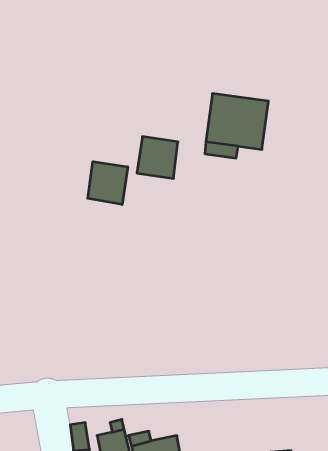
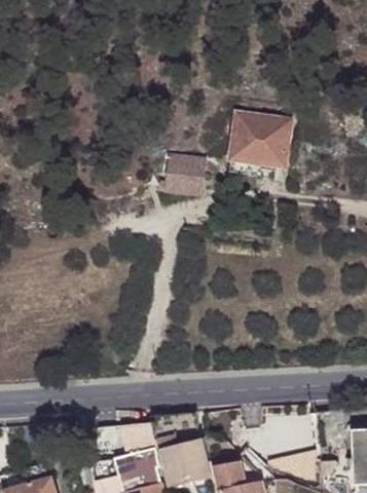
building: [88,162,128,205] -> none

